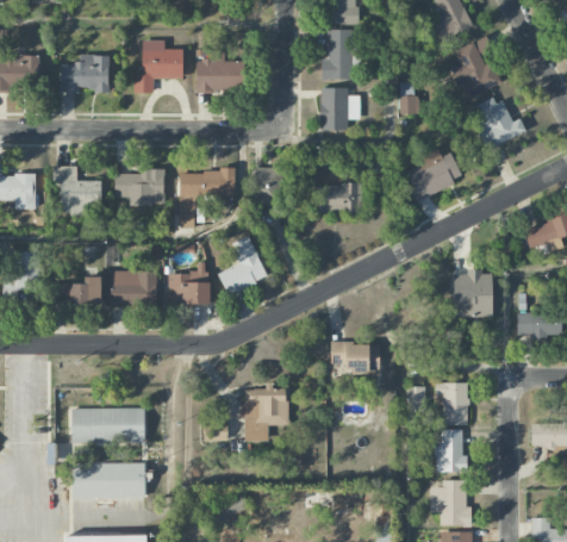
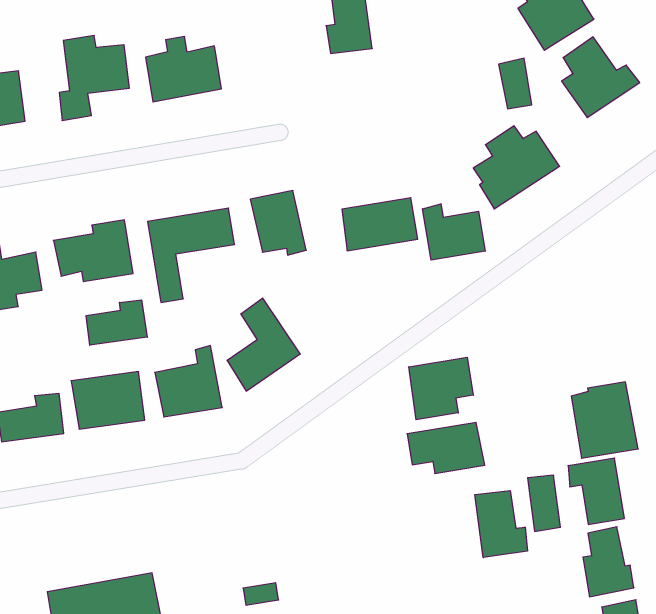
building: [399,81,417,113] -> [499,58,532,109]
building: [320,86,360,130] -> none
building: none -> [423,204,485,260]
building: none -> [86,300,147,345]
building: [454,270,493,317] -> [571,382,638,458]
building: none -> [409,357,473,420]
building: [244,387,287,440] -> none
building: none -> [475,491,527,558]

